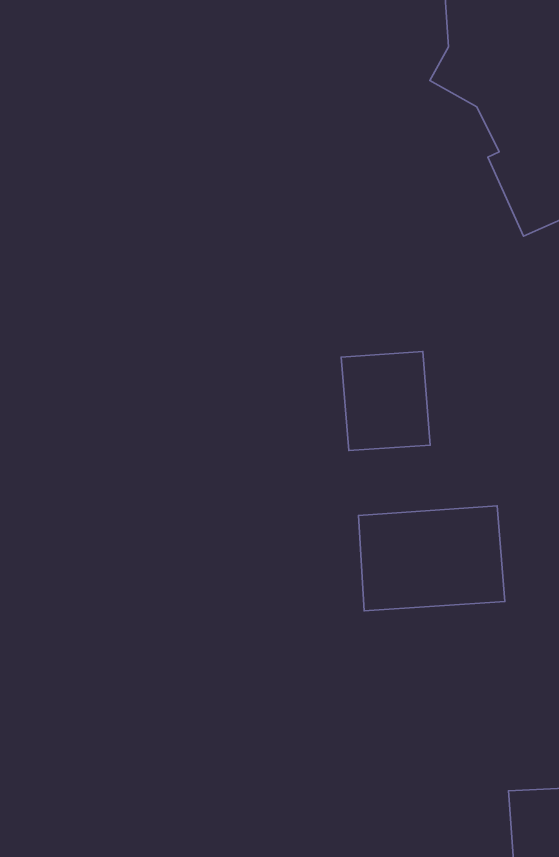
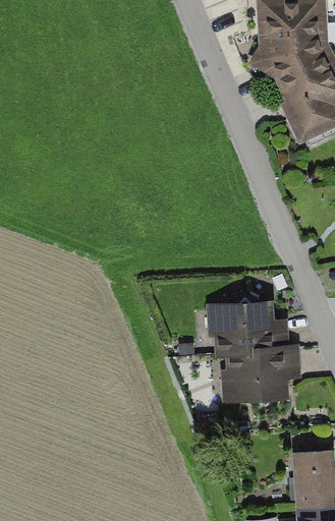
building: [341,352,430,450] -> none
building: none -> [213,348,292,405]

